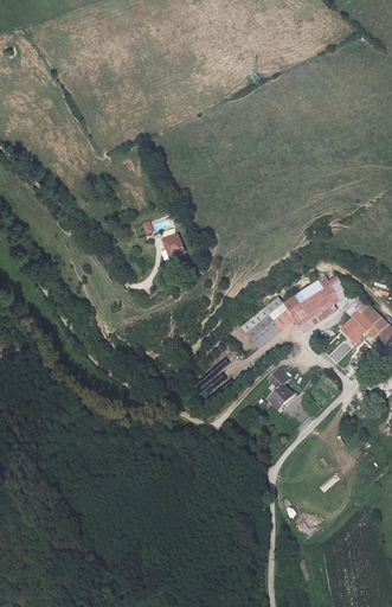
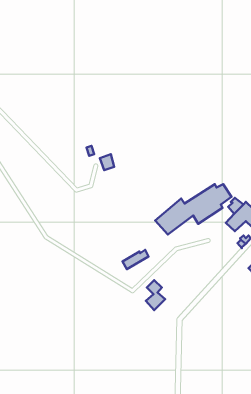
building: [268,369,295,411] -> [146,280,165,310]

